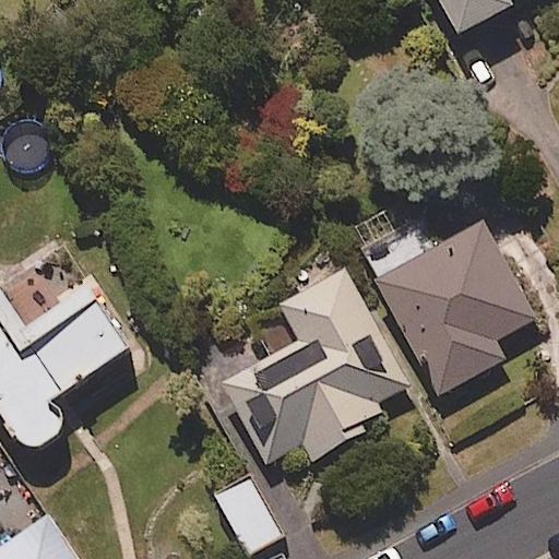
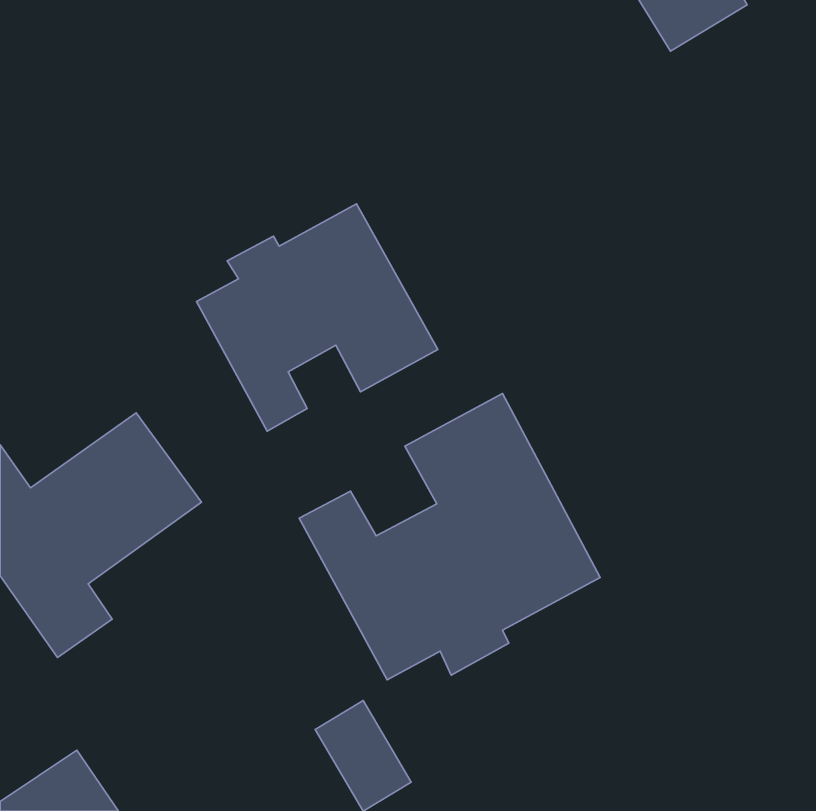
building: none -> [197,204,438,431]
building: [345,194,536,396] -> none

